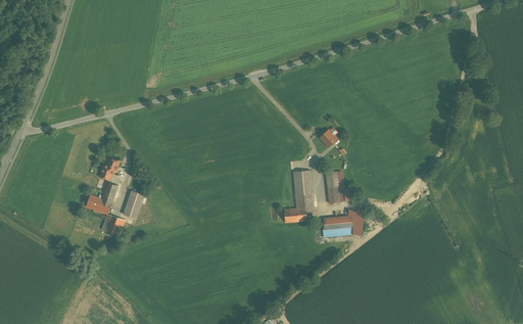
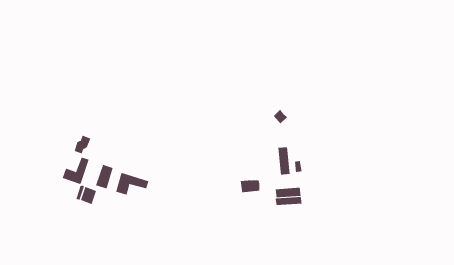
building: [294,170,315,212] -> none
building: none -> [115,172,149,195]

